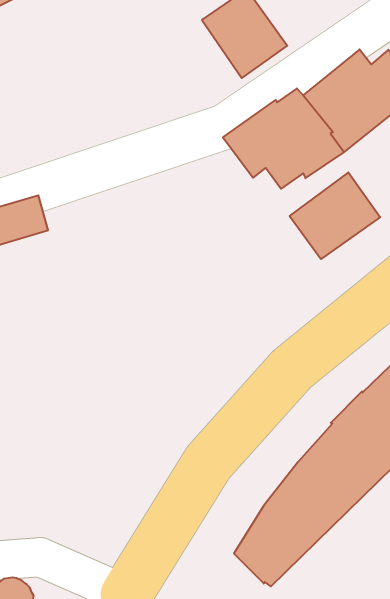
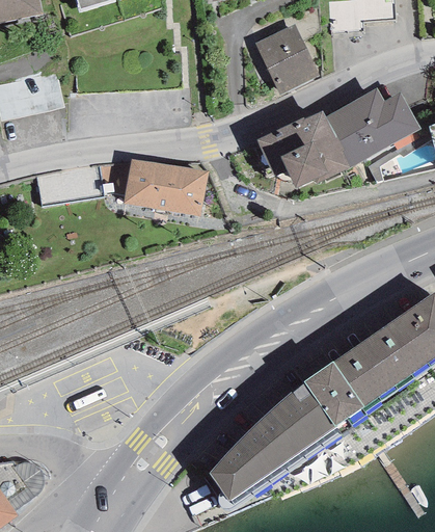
building: [290,172,380,259] -> none
building: none -> [124,159,208,216]

